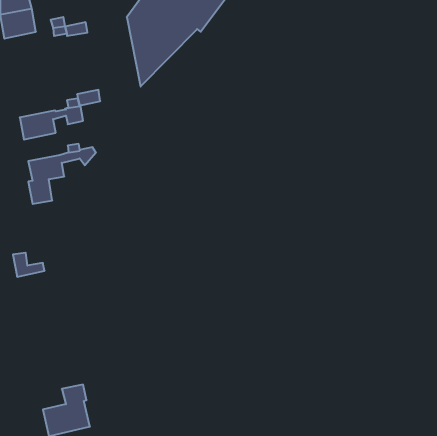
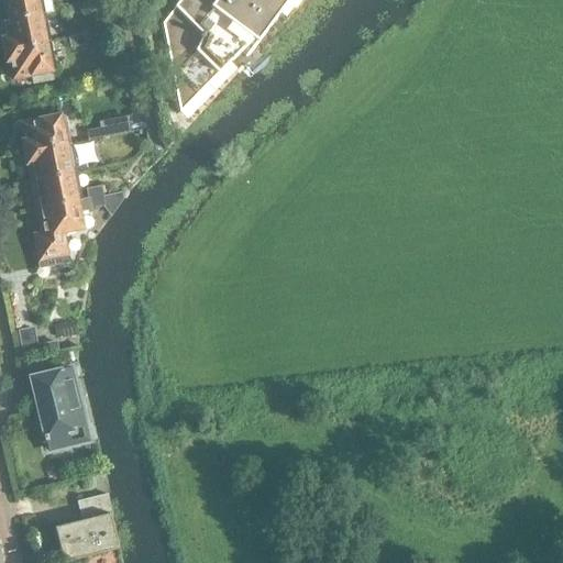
building: none -> [7,40,58,81]
building: none -> [24,113,71,151]
building: none -> [32,170,78,207]
building: none -> [32,366,90,449]

